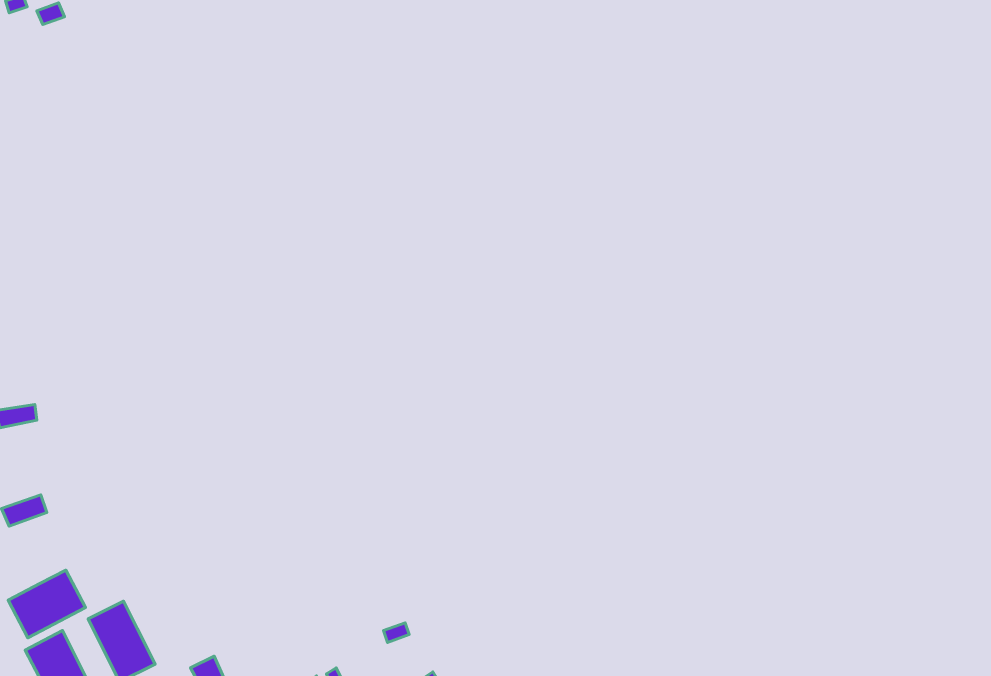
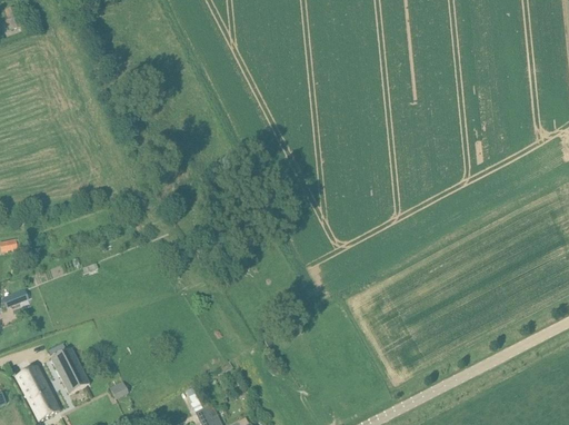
building: [8,570,85,638] -> none

